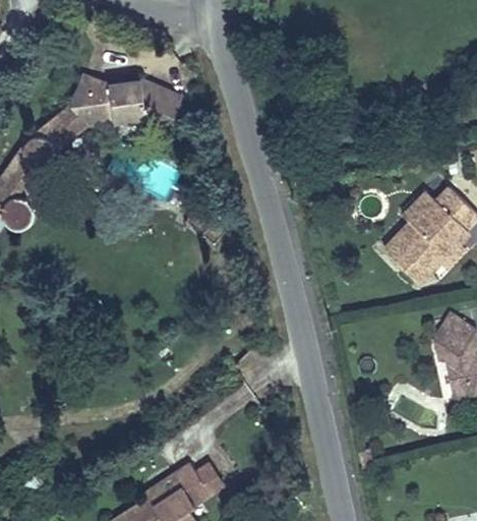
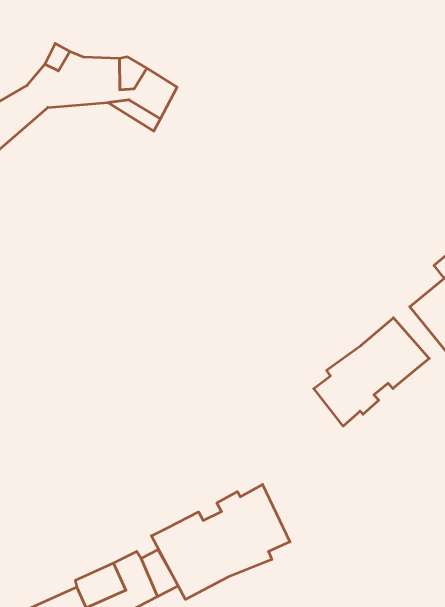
building: none -> [314,318,429,426]
building: none -> [151,484,290,599]

